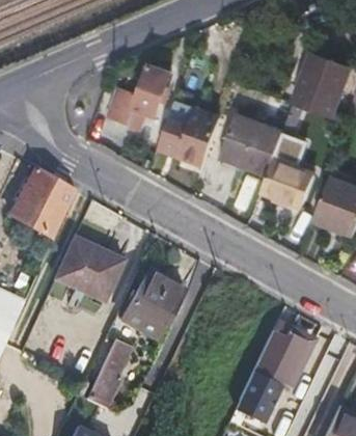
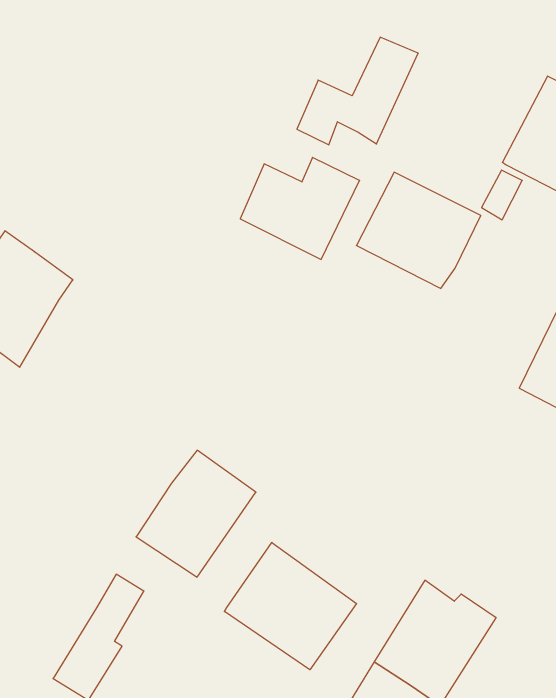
building: [111,62,170,121] -> [297,37,418,145]
building: [263,160,312,205] -> none
building: [54,236,121,301] -> none
building: none -> [224,542,357,670]

